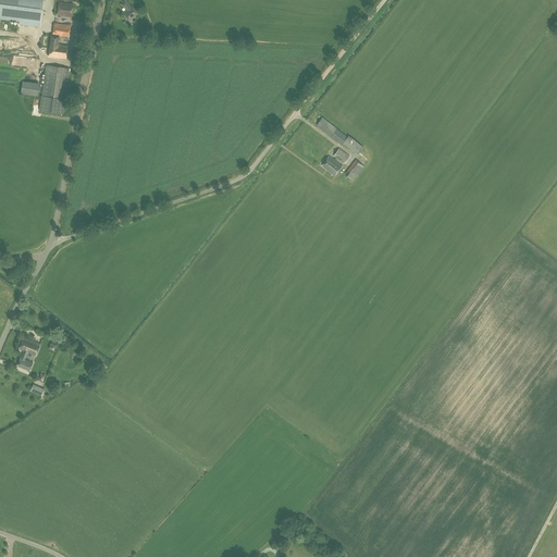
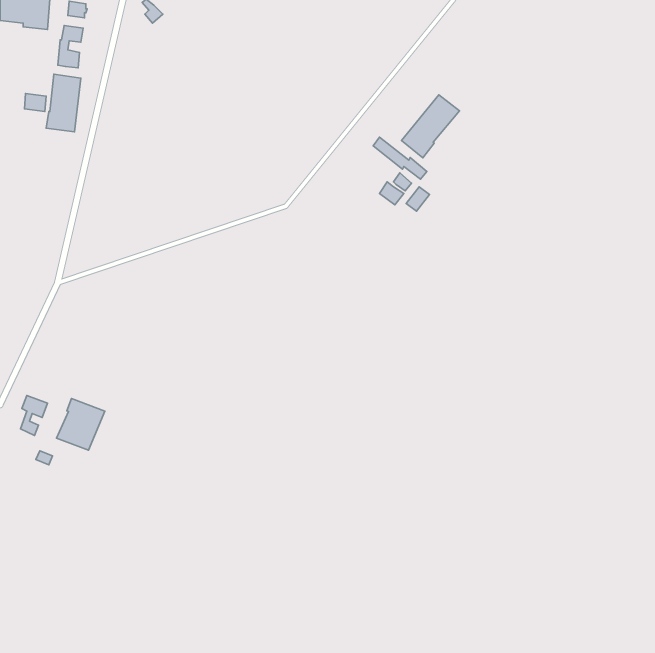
building: none -> [401,95,460,158]
building: none -> [56,399,105,450]

